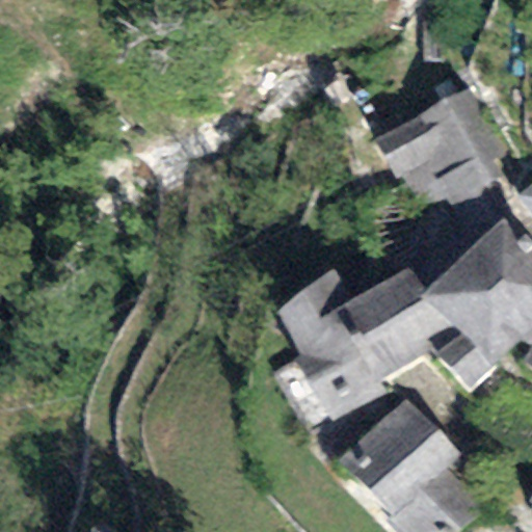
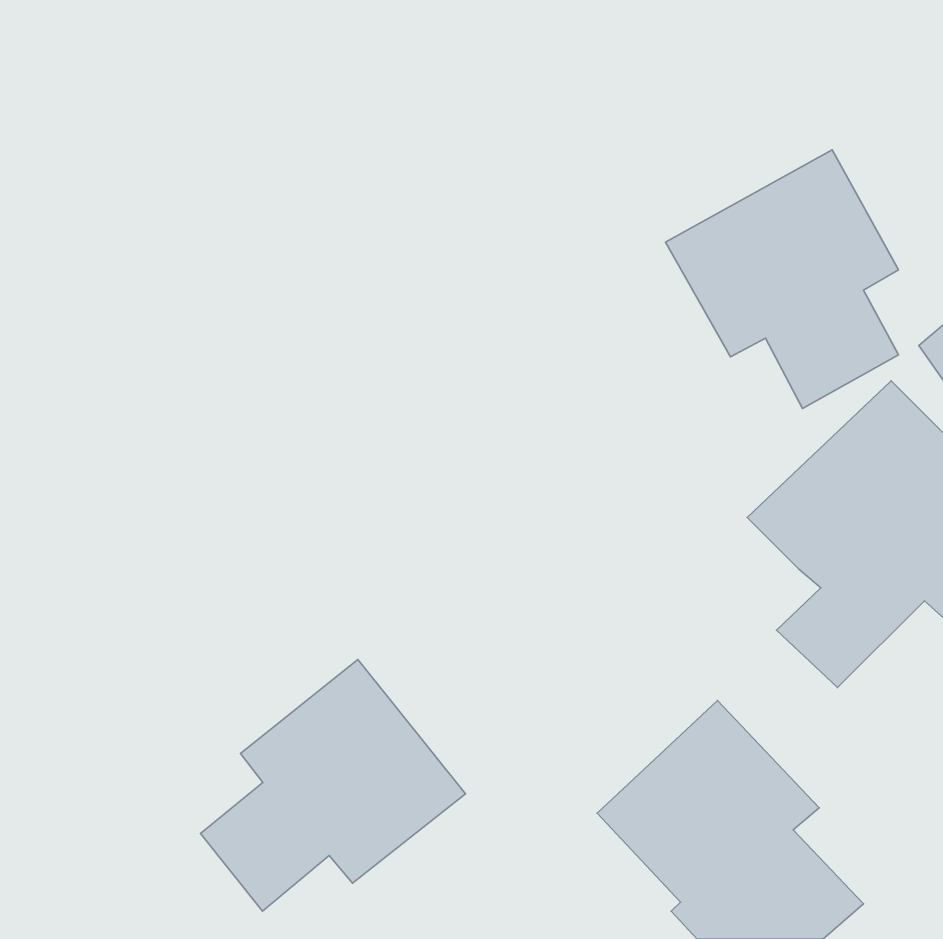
building: [276,262,450,425] -> none
building: none -> [200,659,465,911]

